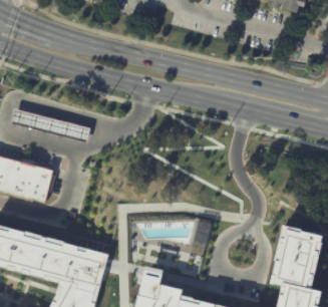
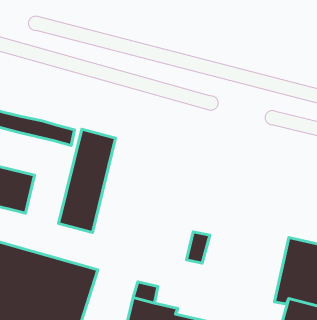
building: none -> [59,129,116,232]

